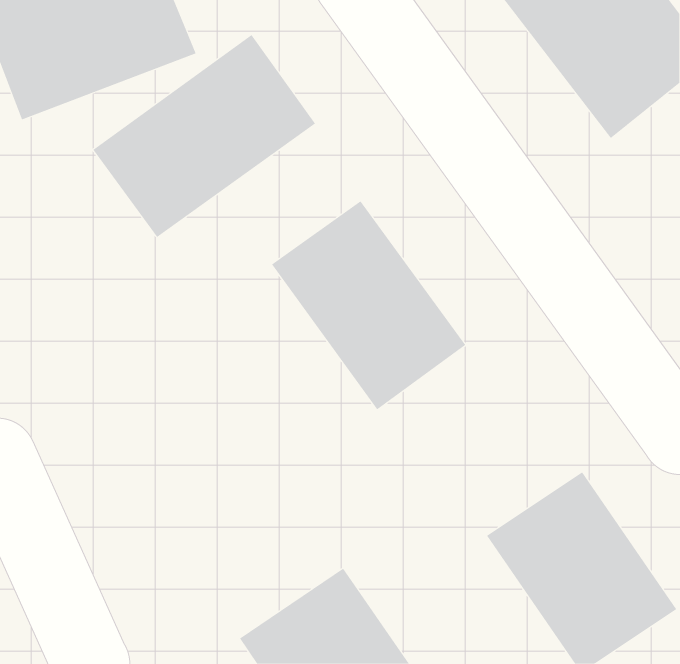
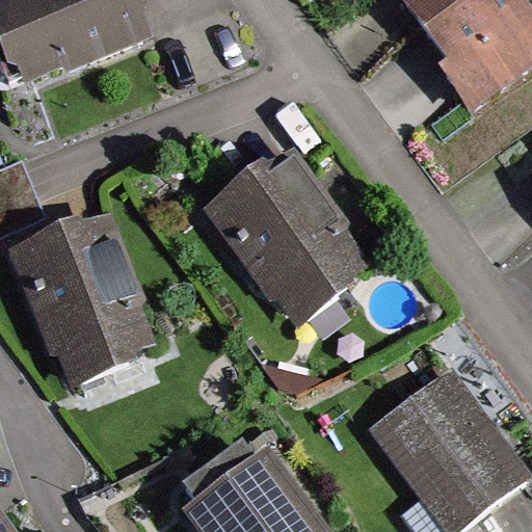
building: [92,34,316,238] -> none
building: none -> [16,221,163,389]

